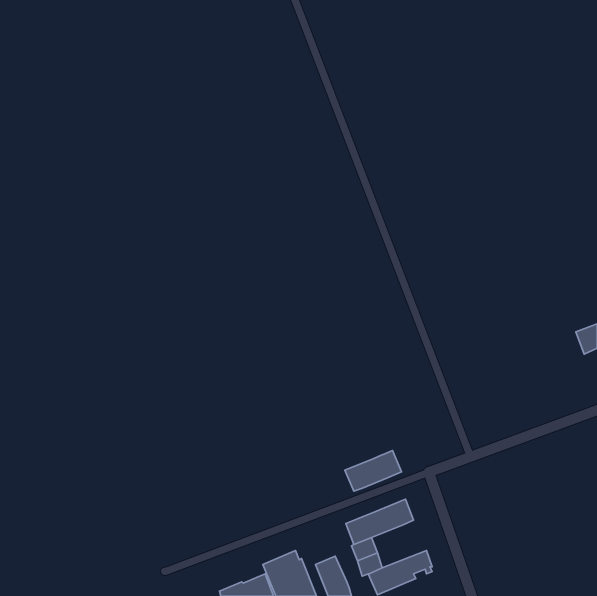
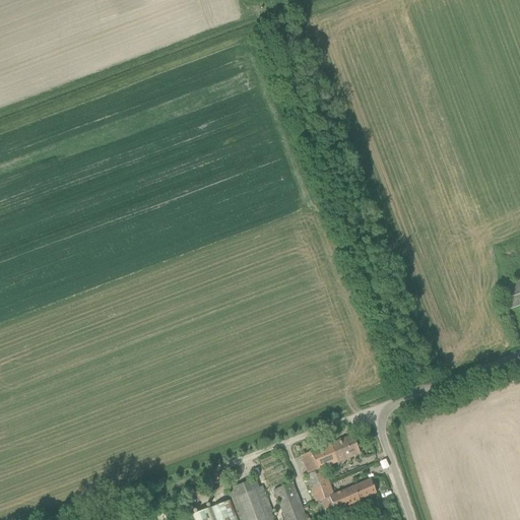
building: [345,451,402,491] -> none

